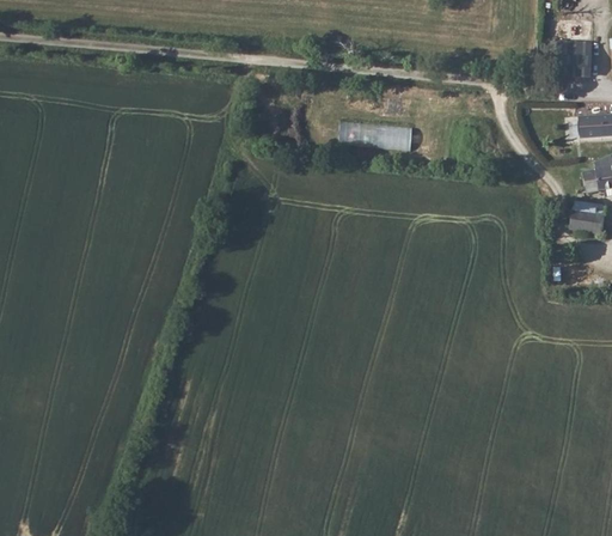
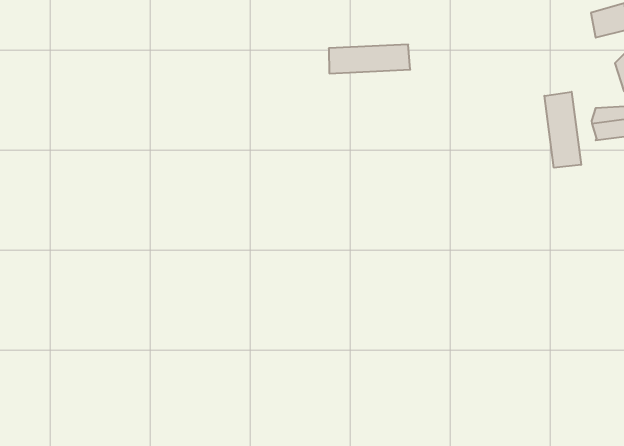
building: none -> [544,92,581,168]

